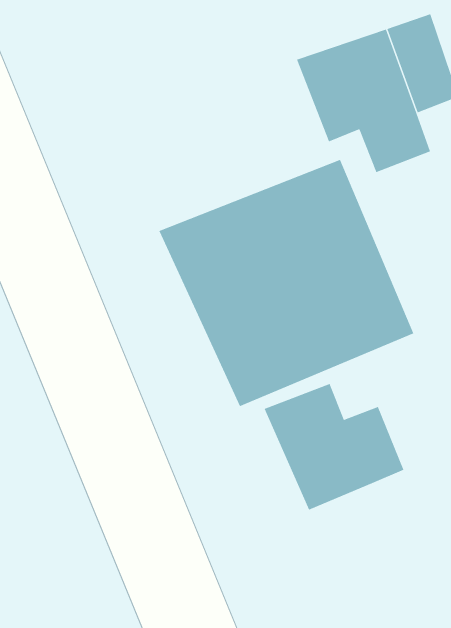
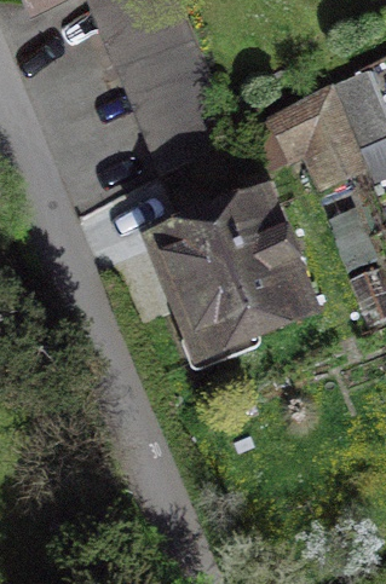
building: [264,383,404,511] -> none

